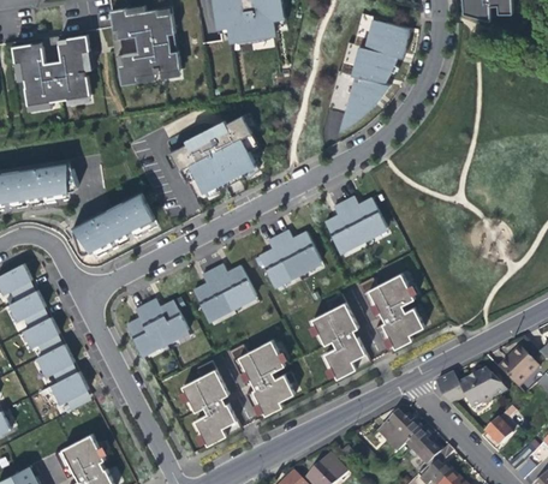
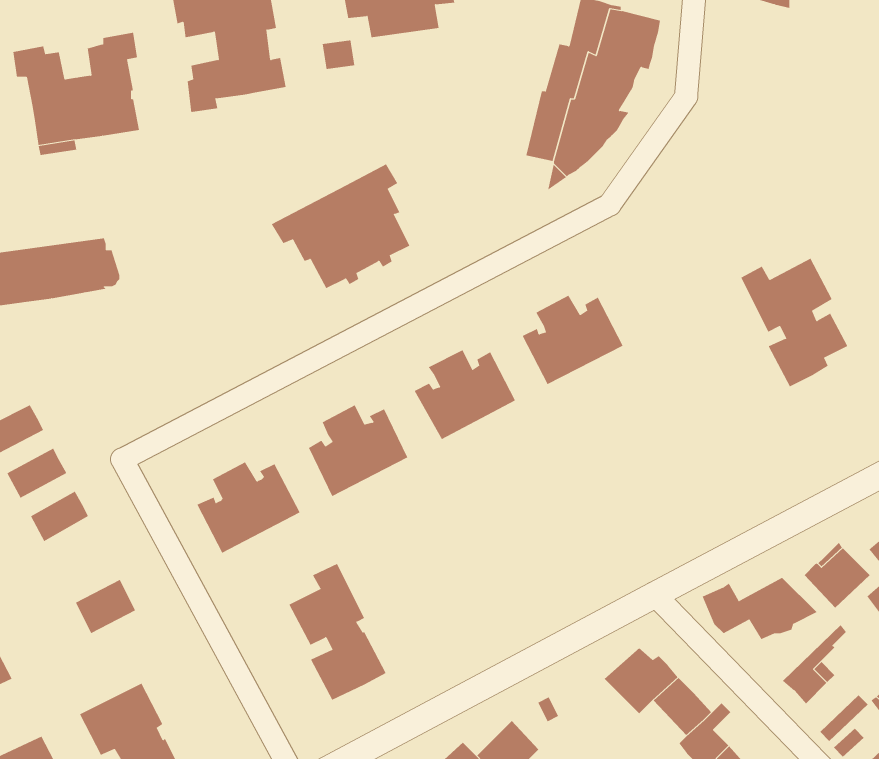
building: [72,191,155,253] -> none
building: [358,273,424,352] -> [740,258,848,387]
building: [311,293,370,378] -> none
building: [228,339,294,418] -> none
building: [36,343,73,376] -> none

